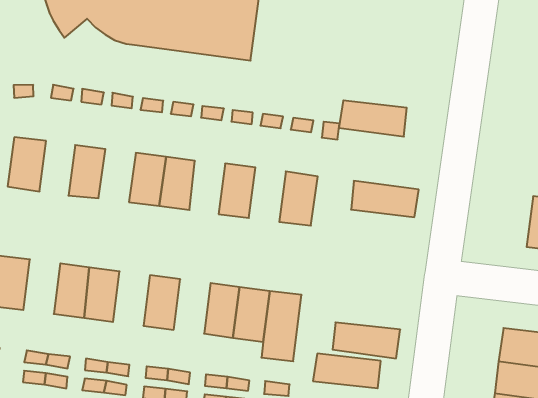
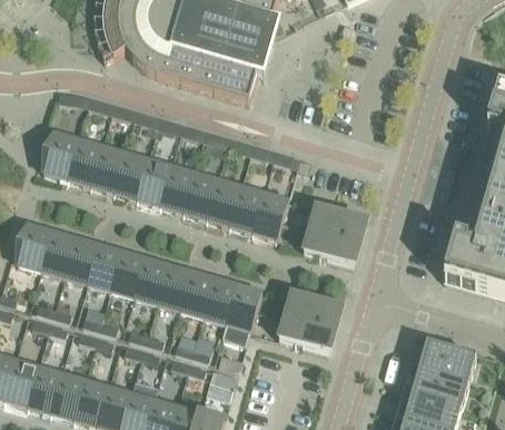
building: [339,100,407,137] -> [304,229,359,265]
building: none -> [68,139,101,185]
building: none -> [113,153,148,197]
building: none -> [184,173,217,217]
building: none -> [229,185,264,231]
building: none -> [41,231,76,276]
building: none -> [110,251,145,296]
building: none -> [157,264,191,310]
building: [313,354,381,388] -> [285,295,340,330]

